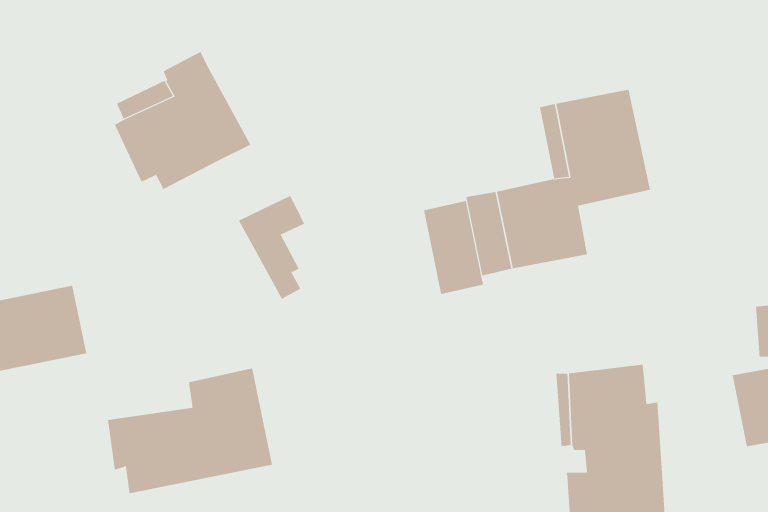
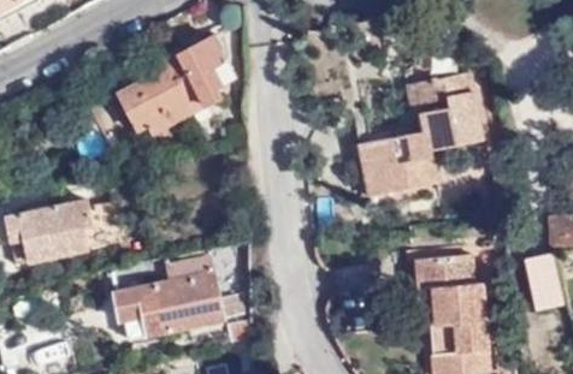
building: [238,195,305,300] -> [182,36,226,106]
building: [423,200,483,295] -> none

